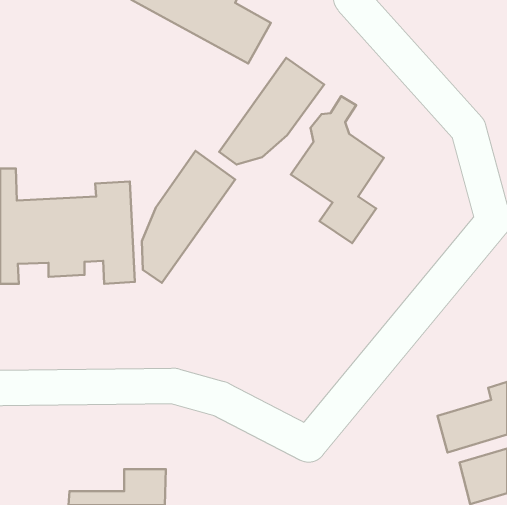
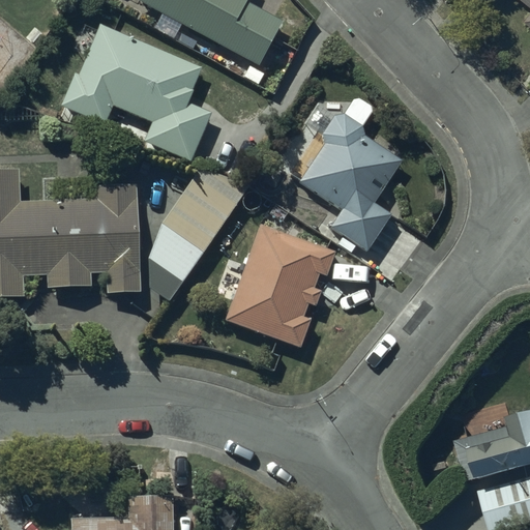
building: none -> [64,32,206,158]
building: [219,58,324,165] -> none
building: none -> [225,227,334,351]

